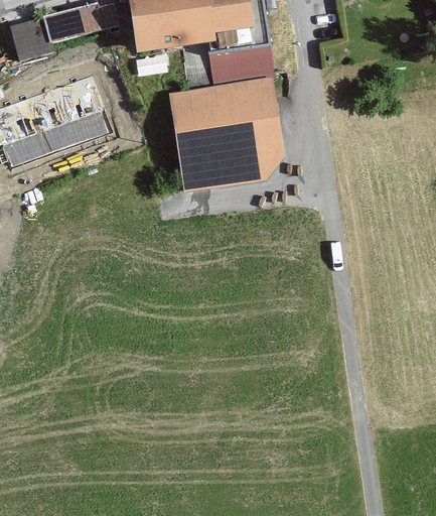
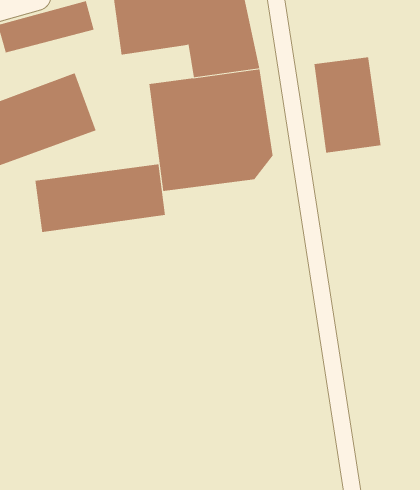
building: none -> [314,56,381,153]
building: none -> [35,163,166,233]

